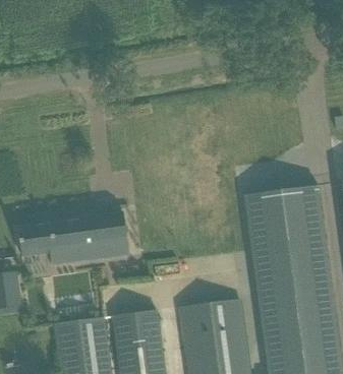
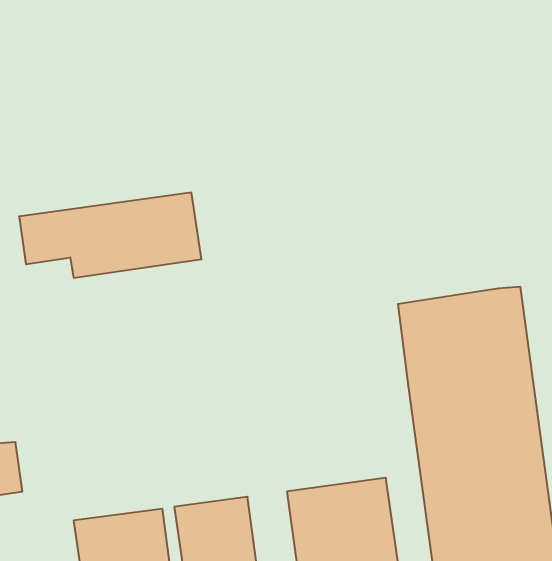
building: [19,213,128,264] -> [19,193,202,278]

